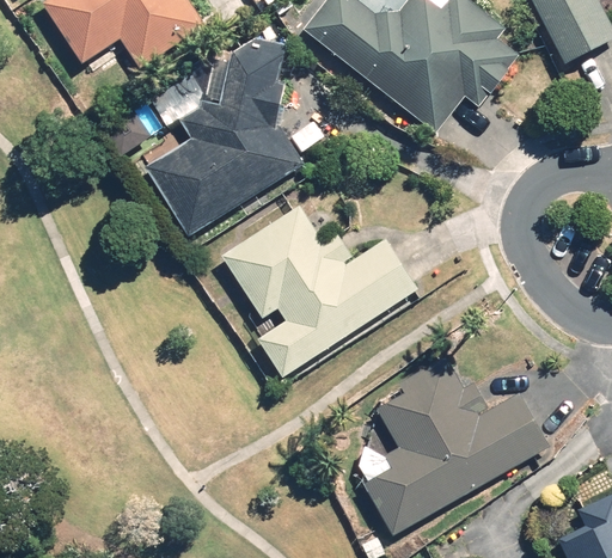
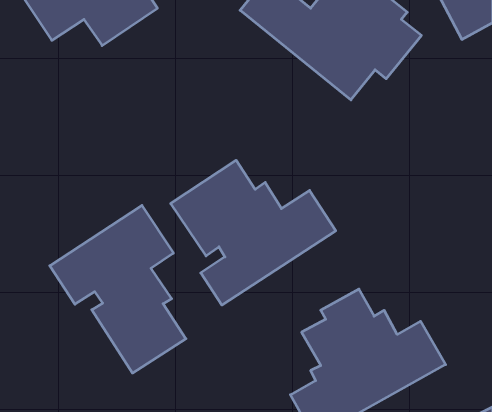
building: [143,33,304,234] -> none
building: none -> [50,205,186,373]

